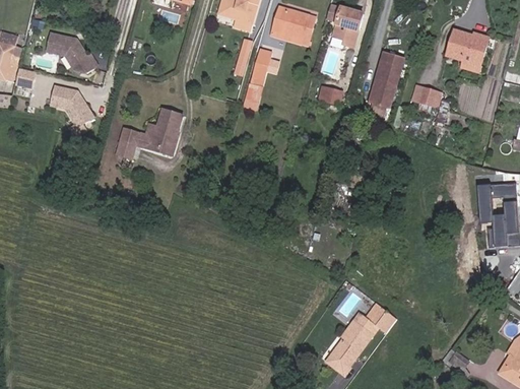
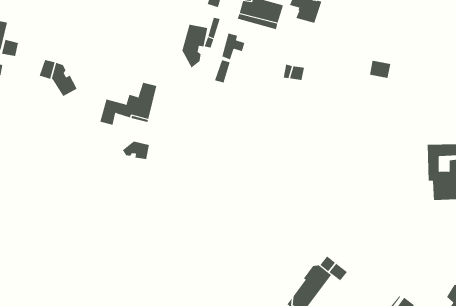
building: [451,28,495,74] -> none
building: [49,33,95,72] -> none
building: none -> [181,24,208,68]
building: [372,52,396,105] -> none
building: none -> [122,140,150,160]

